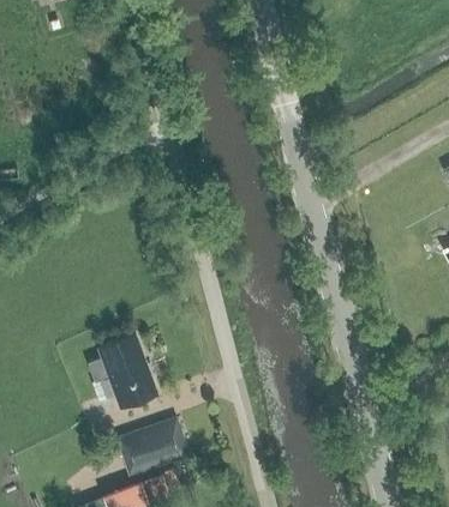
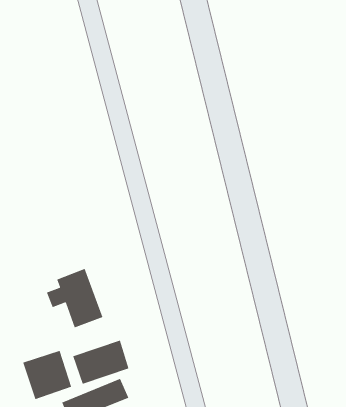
building: none -> [22,350,72,400]

